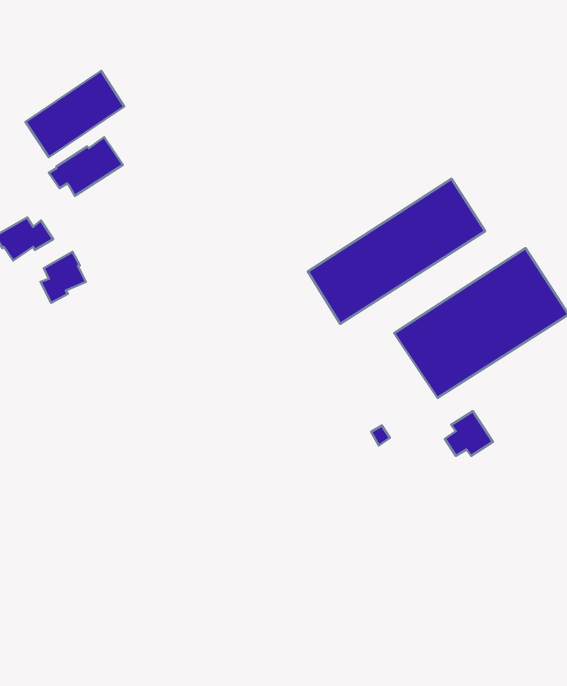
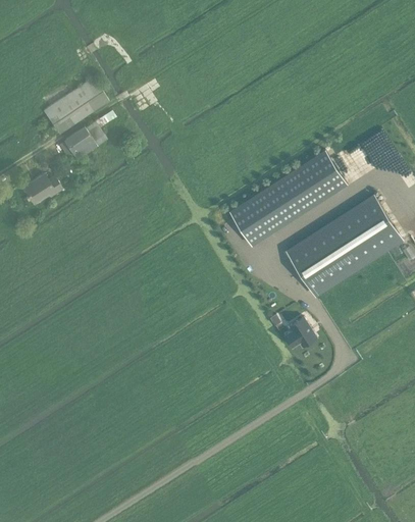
building: [41,252,86,303] -> none
building: [445,411,493,456] -> [283,317,315,347]

